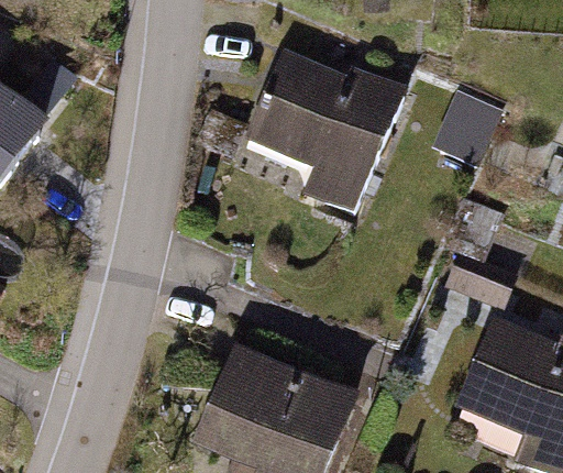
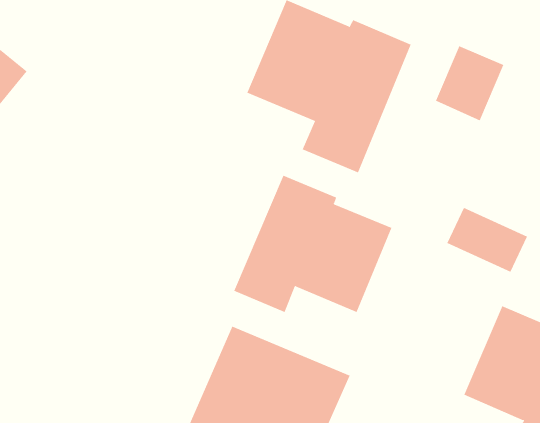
building: none -> [234,175,392,313]

